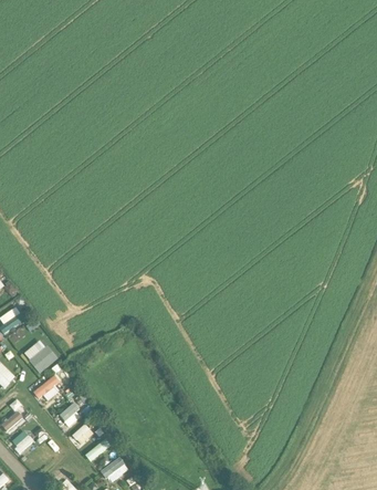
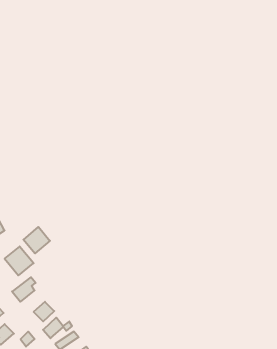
building: none -> [23,227,50,253]

